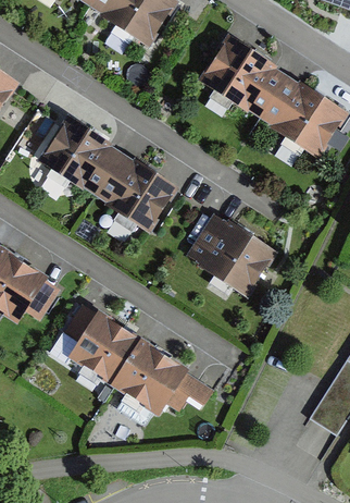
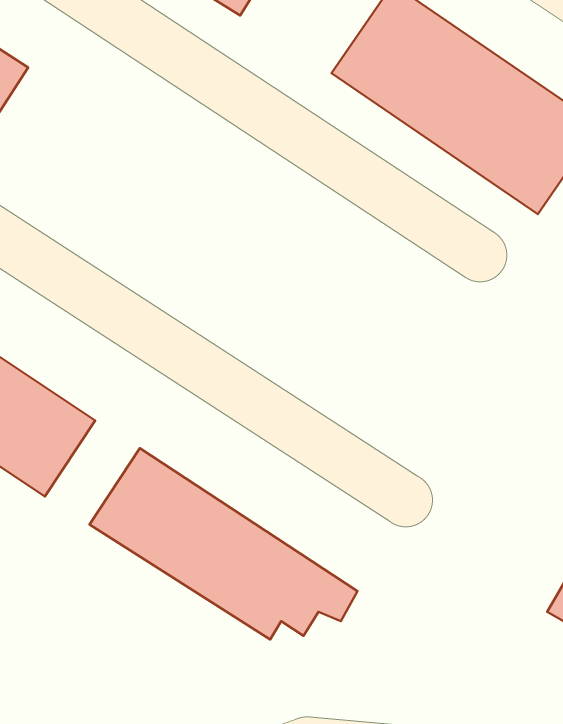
building: [37,115,180,235] -> none
building: [186,217,278,302] -> none

